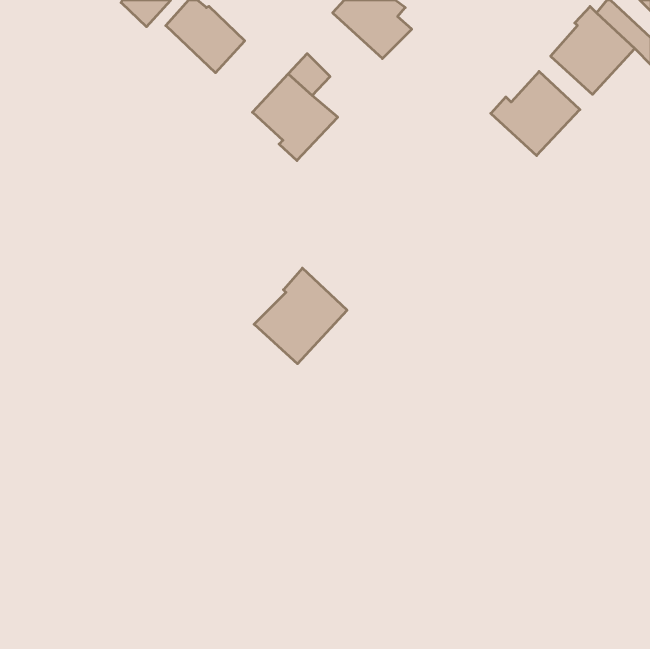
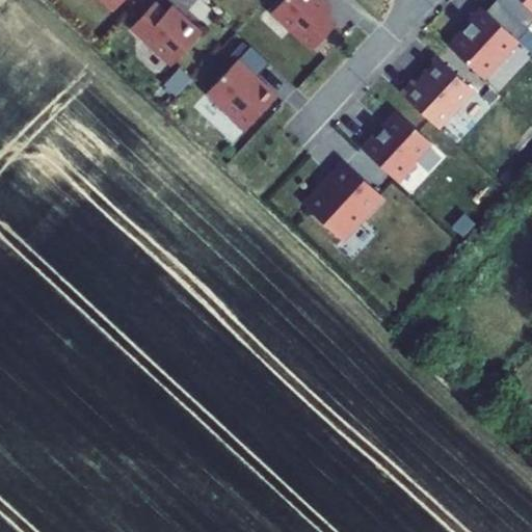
building: none -> [362,113,432,185]
building: [254,268,347,364] -> [305,162,381,240]

